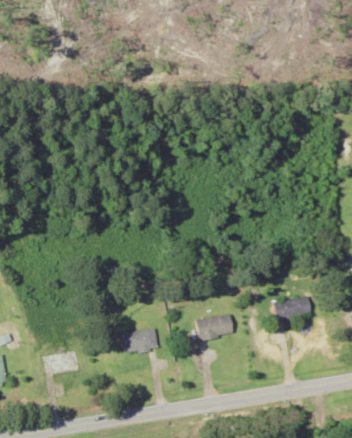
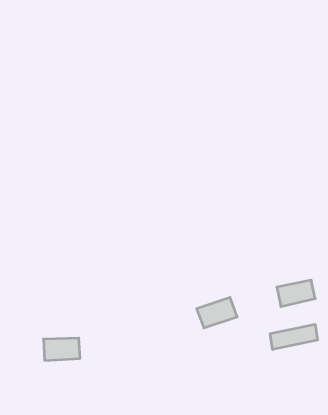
building: [121,328,157,354] -> none
building: none -> [270,324,318,350]

